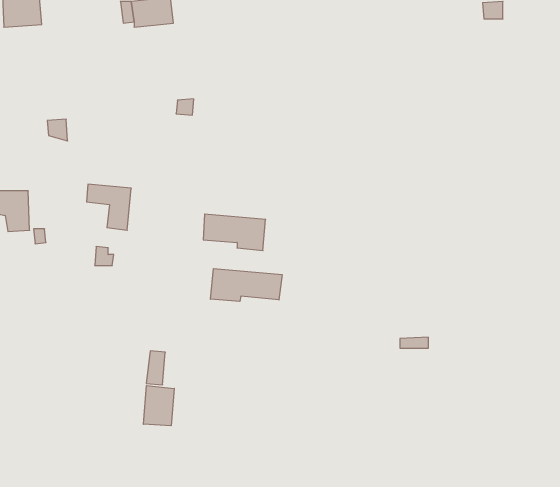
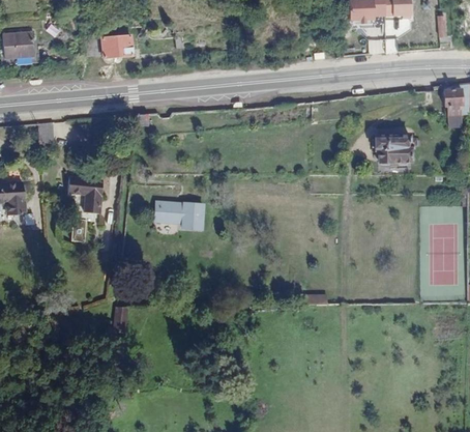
building: none -> [373,134,418,161]
building: [211,269,282,301] -> none
building: [143,386,174,426] -> none

